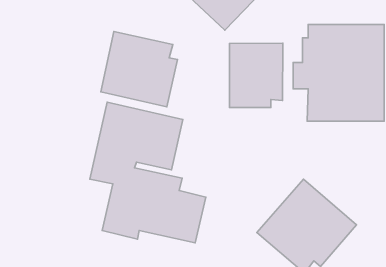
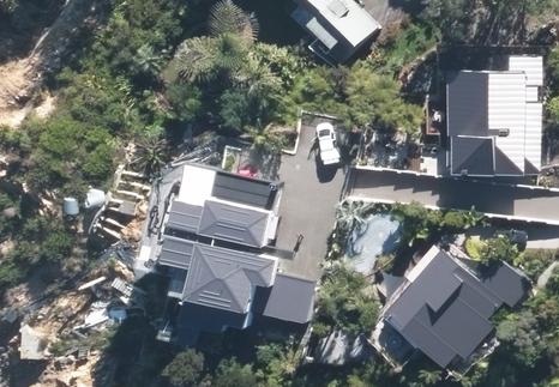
building: [101,31,177,107] -> none
building: [229,43,283,108] -> none

